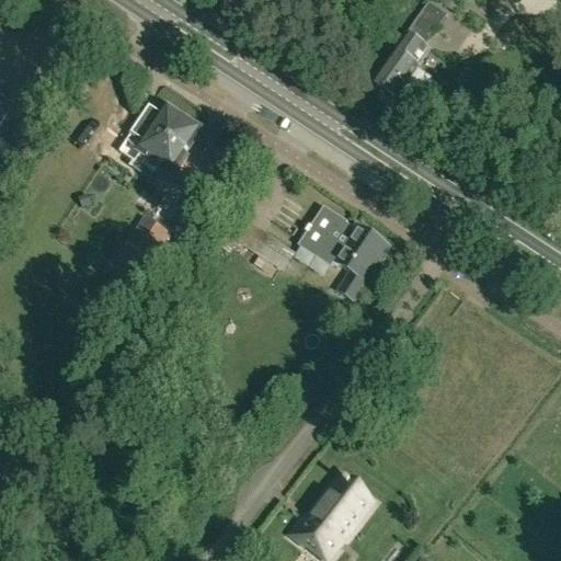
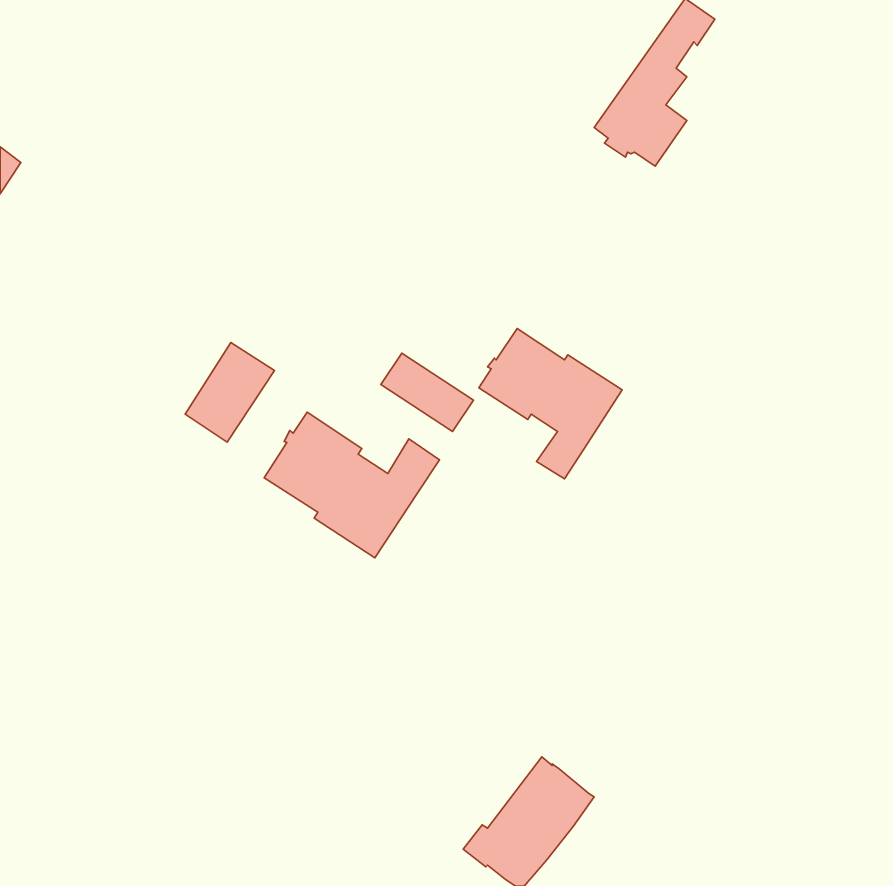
building: [131,105,197,169] -> none
building: none -> [264,412,439,558]

